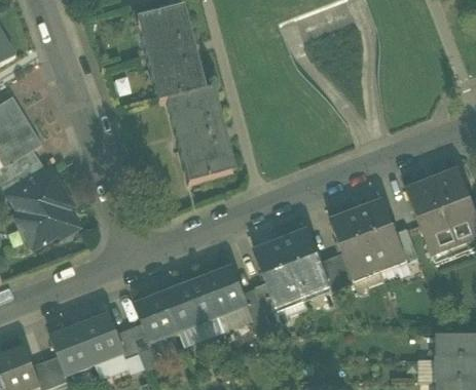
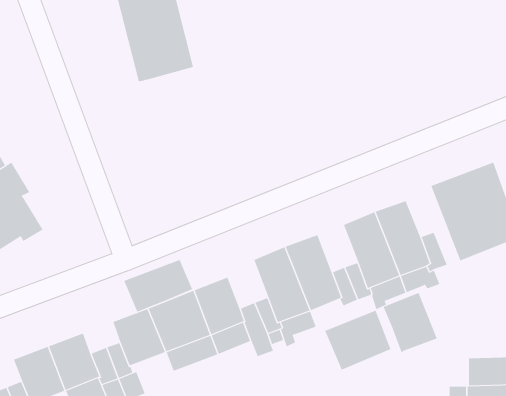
building: [163,84,233,182] -> none
building: none -> [124,259,193,313]
building: none -> [383,292,438,353]
building: none -> [325,310,391,370]

